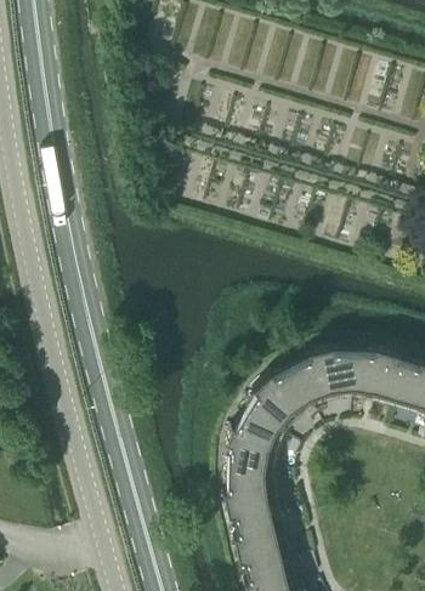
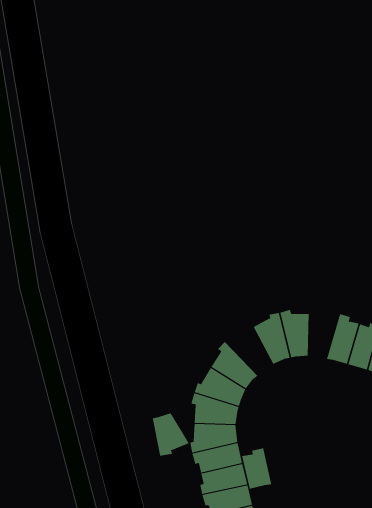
building: [350,346,384,399] -> none
building: [259,364,311,417] -> none
building: none -> [152,412,190,457]
building: none -> [242,447,272,489]

